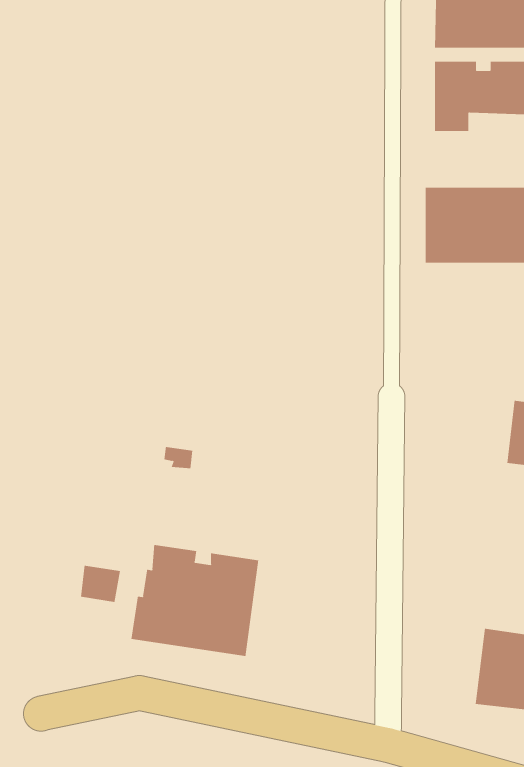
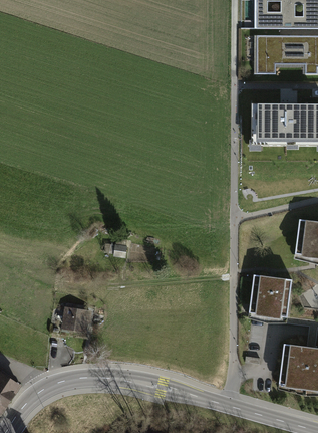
building: none -> [248,274,291,316]
building: [131,544,259,657] -> none

